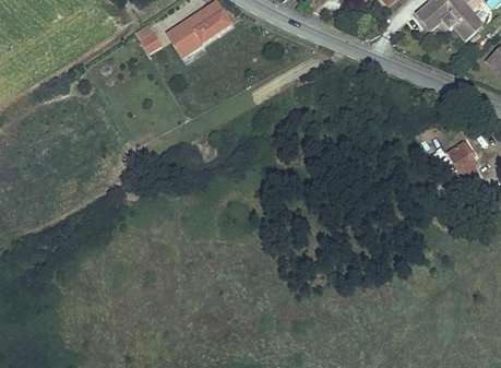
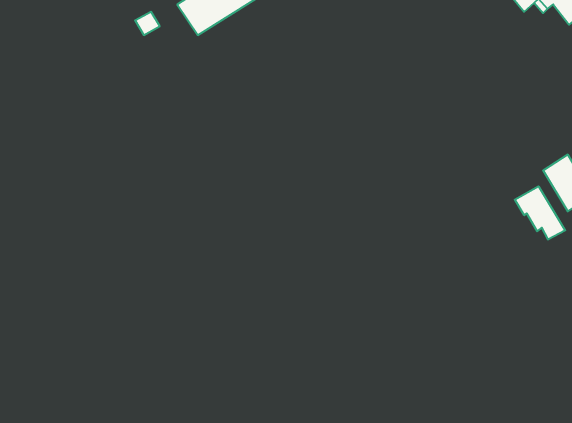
building: none -> [515,186,565,240]

